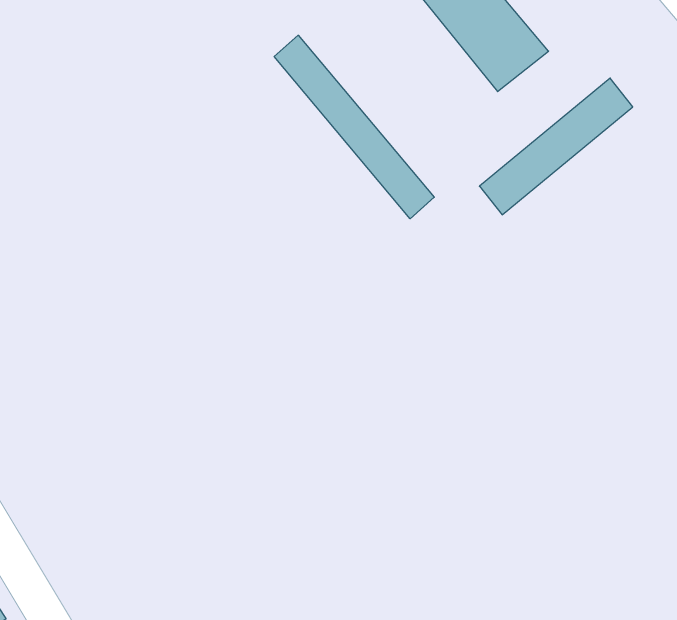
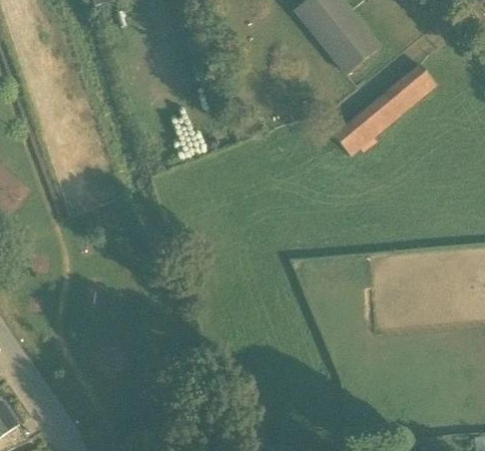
building: [274,35,434,219] -> none

